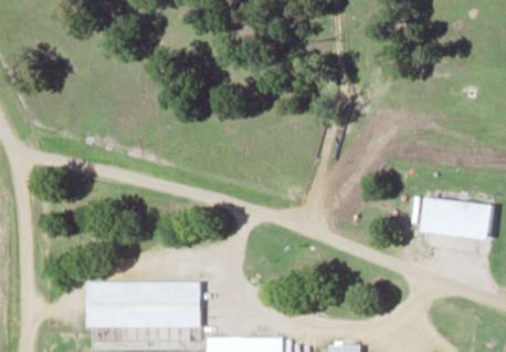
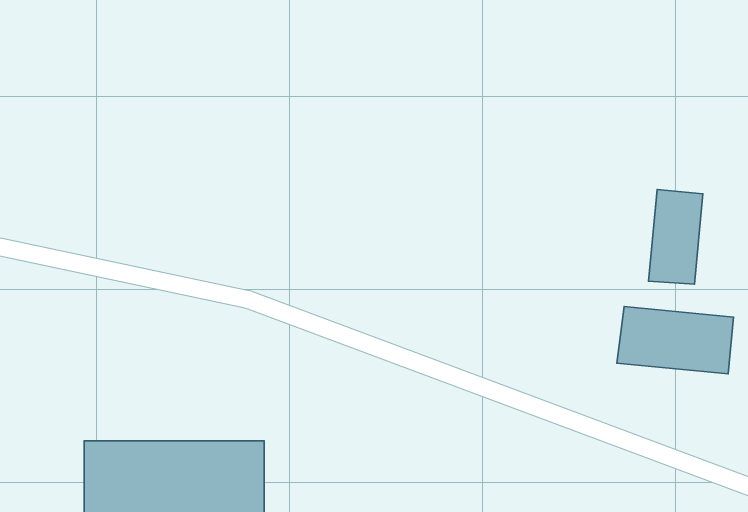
building: none -> [649,189,703,284]

